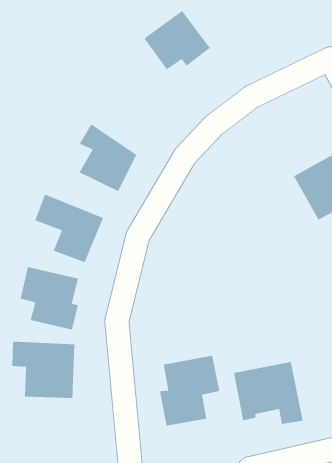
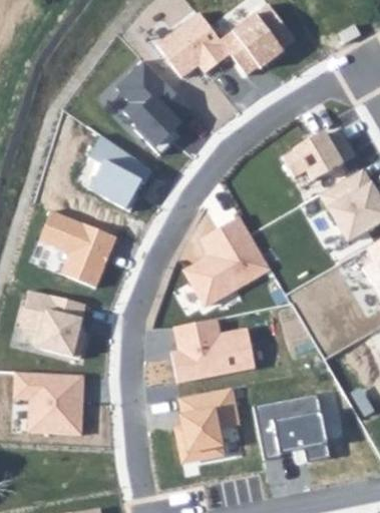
building: none -> [221,11,288,75]
building: none -> [117,60,189,148]
building: none -> [281,129,344,180]
building: none -> [184,215,271,307]
building: none -> [170,318,257,383]

